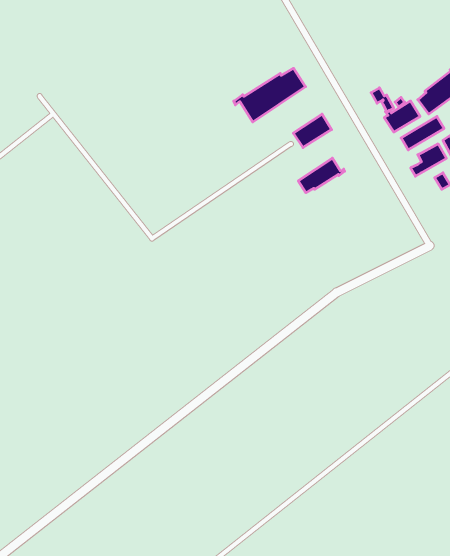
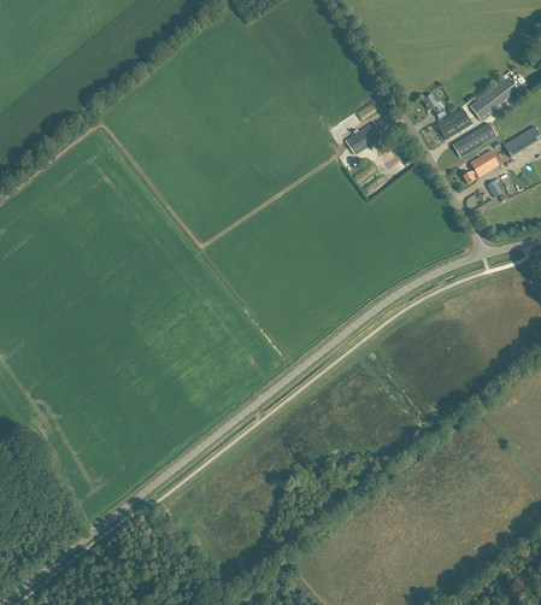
building: [234,68,306,122] -> none
building: [298,158,345,193] -> none

